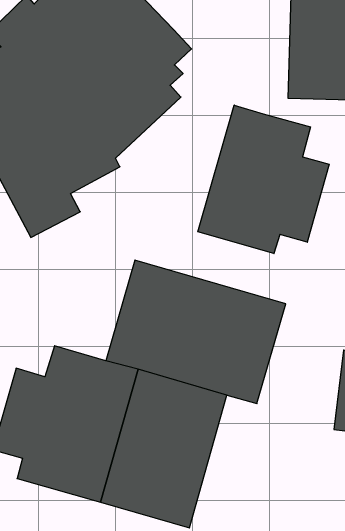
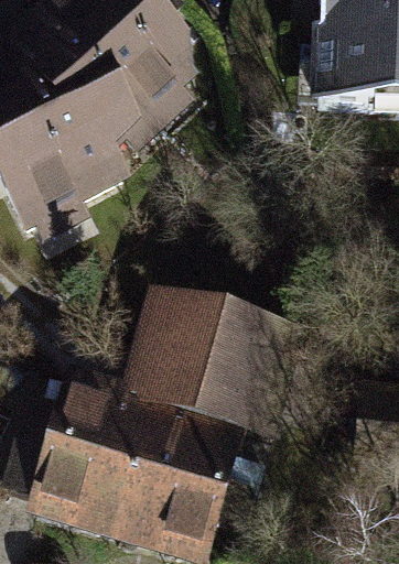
building: [198,105,329,254] -> none

